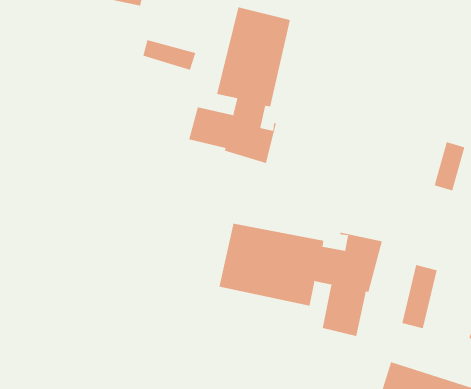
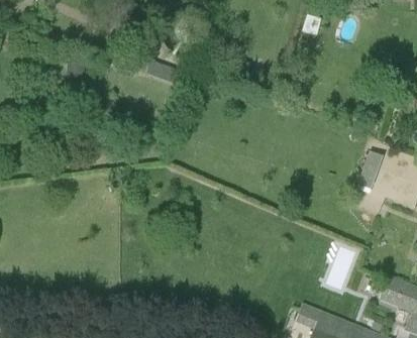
building: [189,6,291,164] -> none
building: [219,223,382,337] -> none

